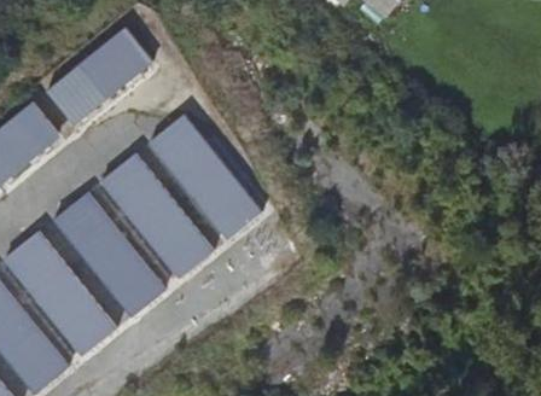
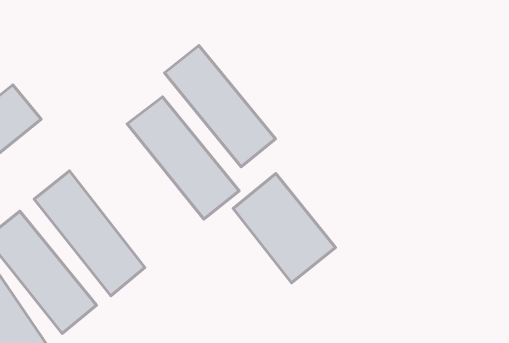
building: [45,28,153,123] -> none
building: [100,153,214,278] -> [165,46,275,167]
building: none -> [233,173,335,283]

